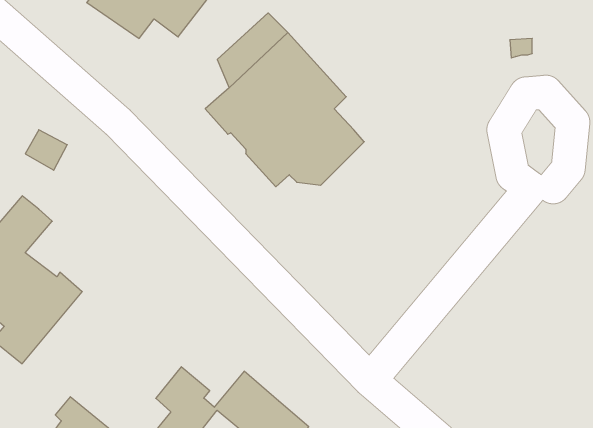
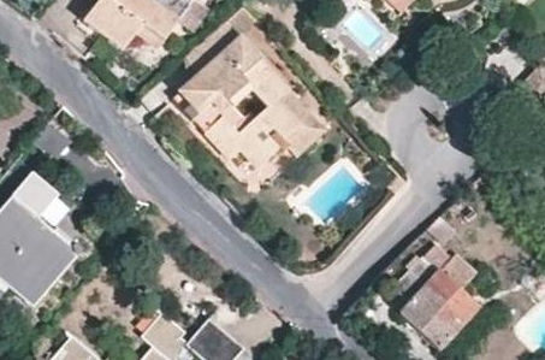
building: none -> [399,250,484,348]

